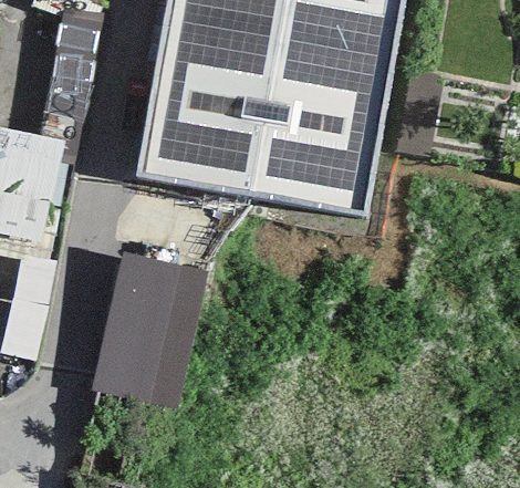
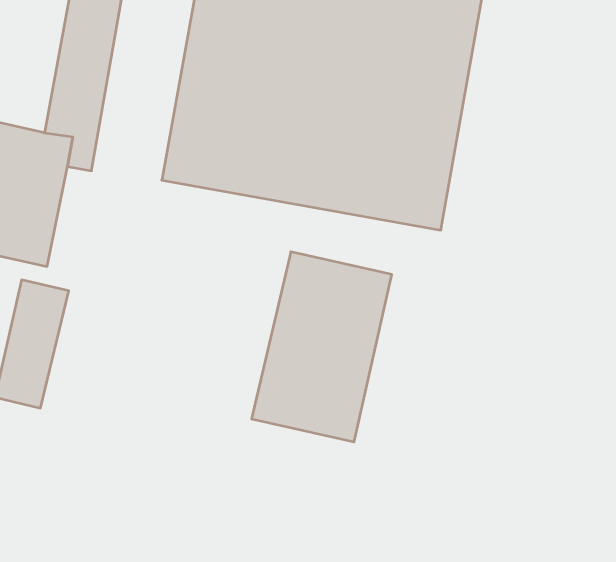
building: [91,252,206,408] -> [252,252,392,442]

